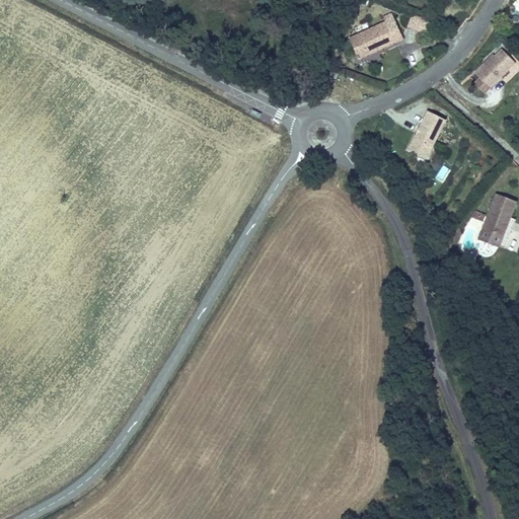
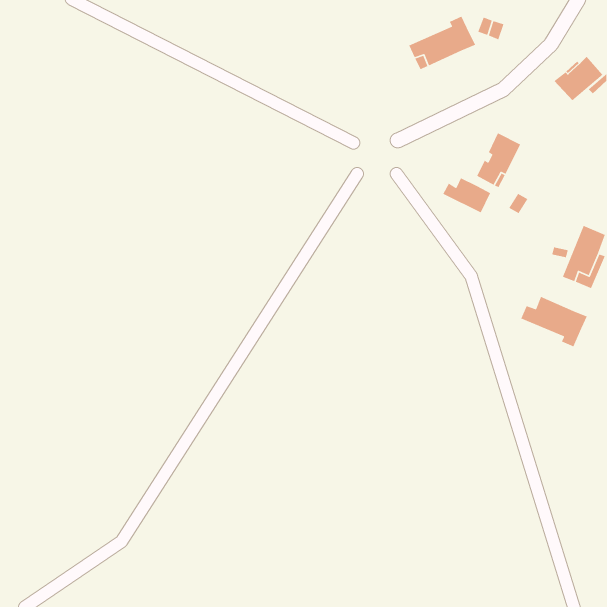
building: none -> [442,177,491,214]
building: none -> [520,296,588,347]

